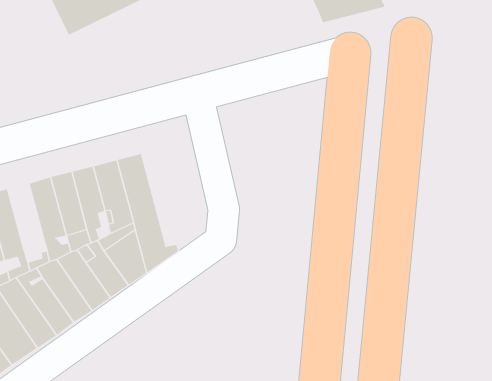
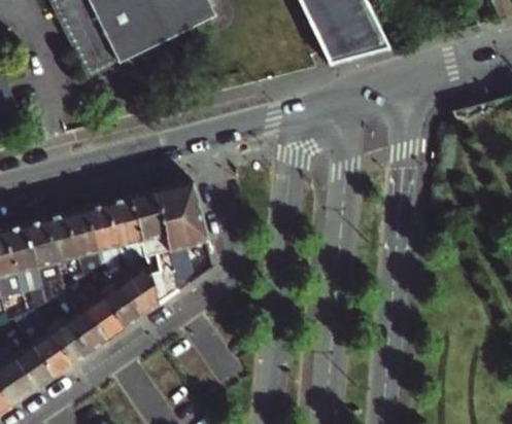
building: none -> [155,179,213,282]
building: none -> [26,217,61,276]

